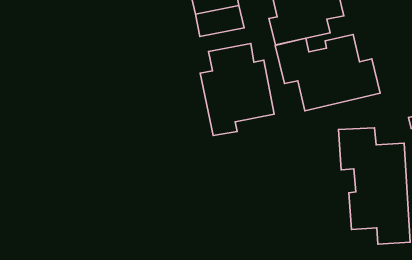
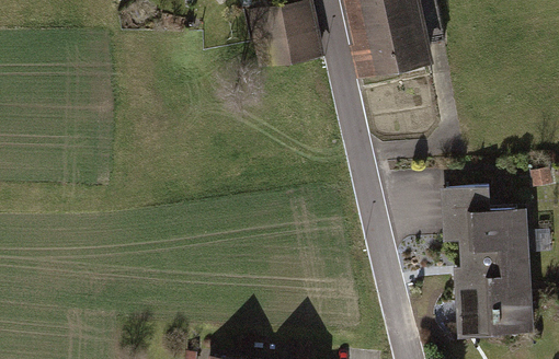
building: [275,34,380,111] -> none
building: [200,43,274,136] -> none

